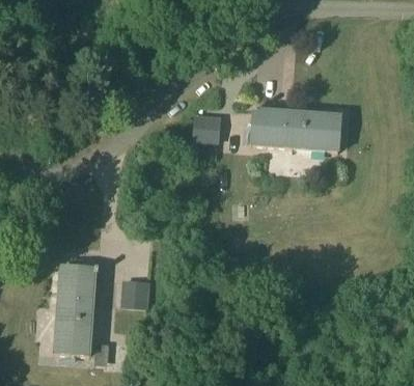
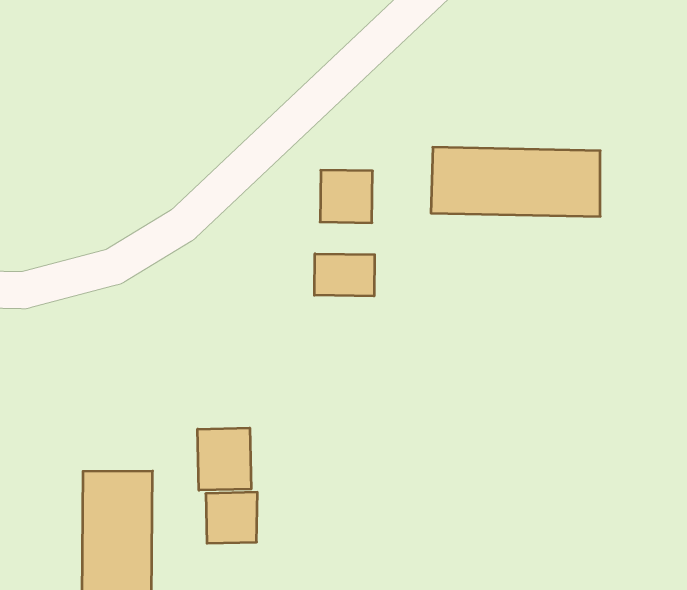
building: none -> [314,254,375,296]
building: none -> [198,428,251,490]

